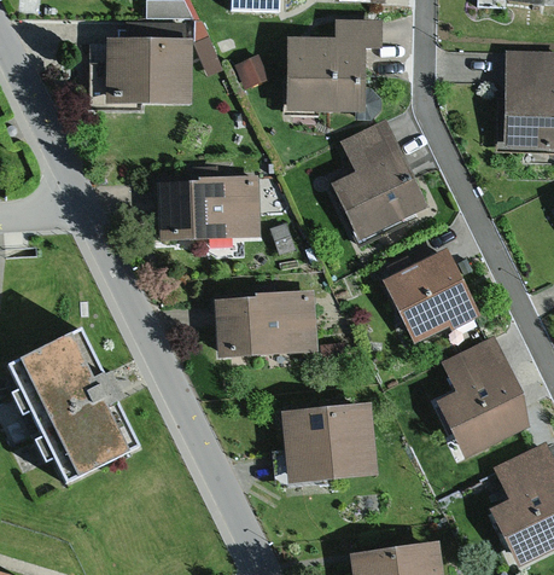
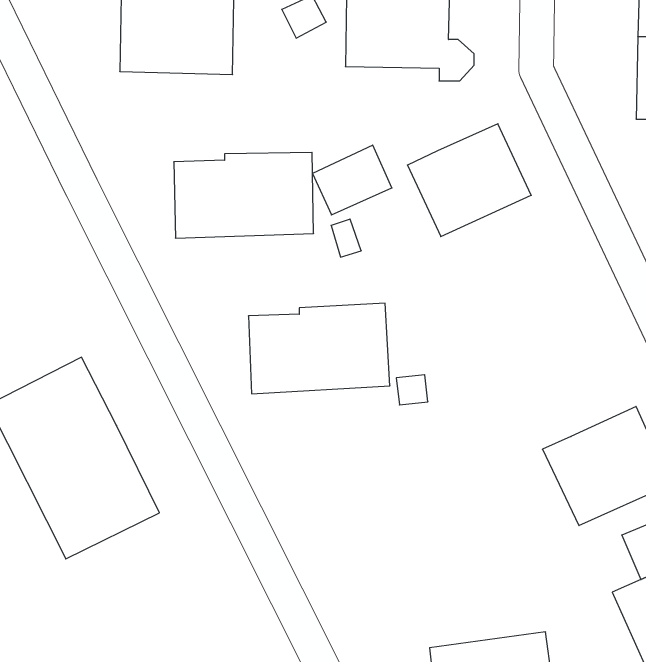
building: [339,120,400,173] -> [312,145,392,215]
building: [378,245,480,344] -> none
building: [443,341,505,390] -> none
building: [276,400,374,481] -> none

